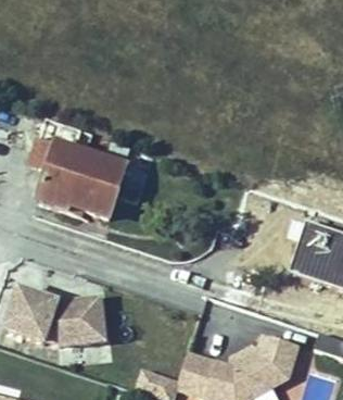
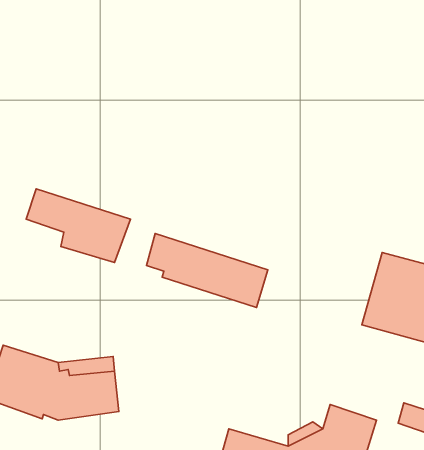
building: [30,137,122,192] -> [146,234,268,307]

